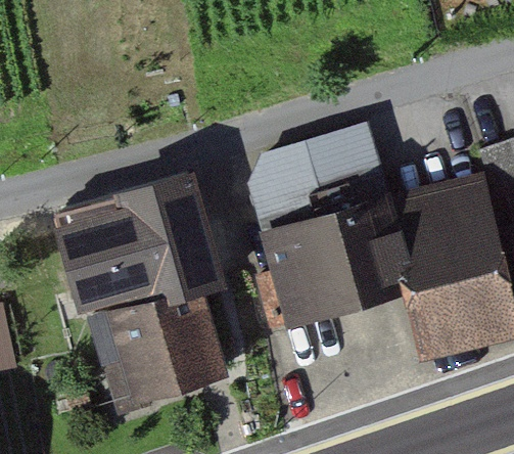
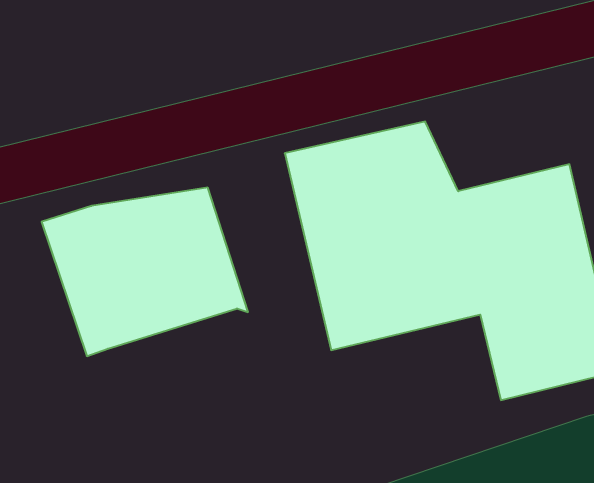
building: [98,289,231,407] -> none

